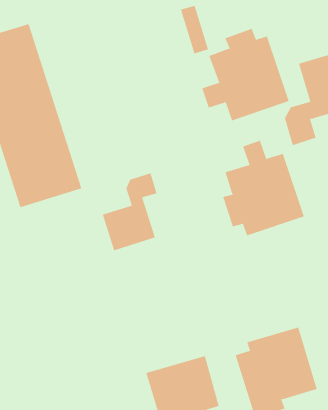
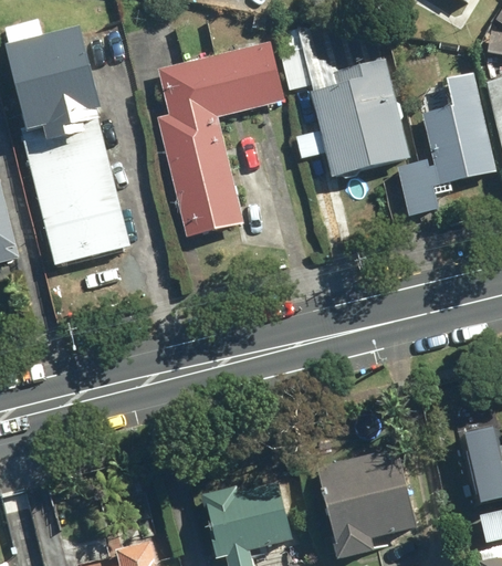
building: none -> [158,38,285,234]
building: [223,140,304,236] -> none
building: [102,172,157,251] -> none

